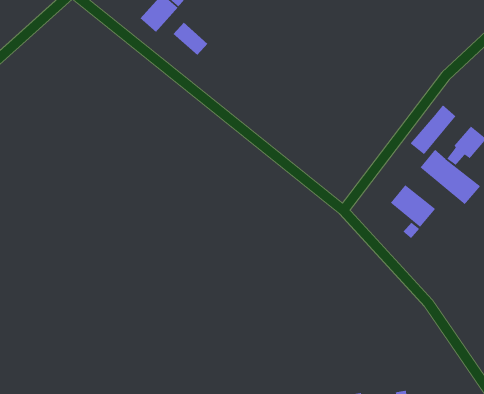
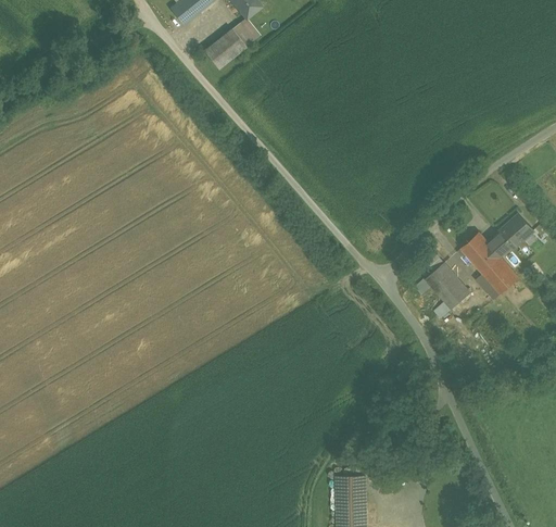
building: [173,22,208,56] -> none
building: [410,104,457,155] -> none

